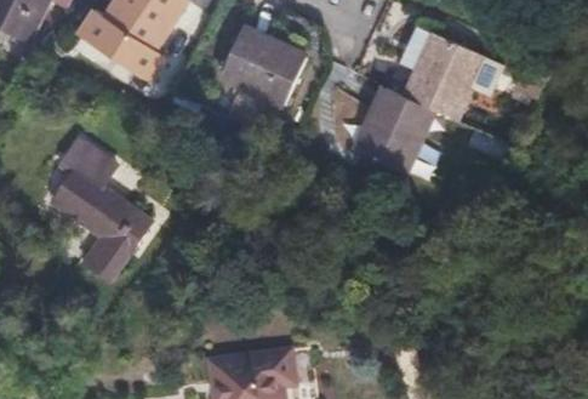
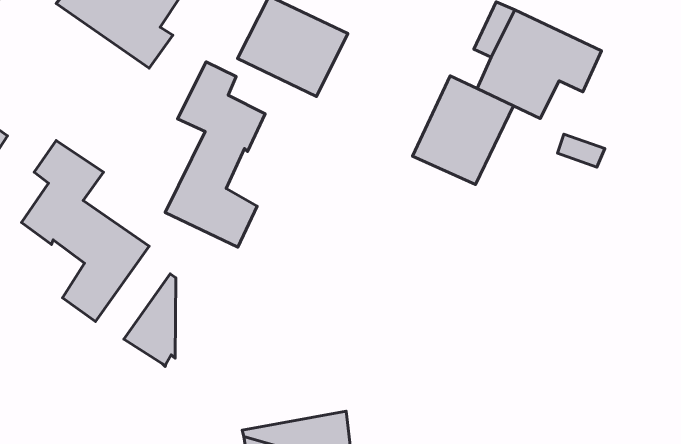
building: none -> [165,62,265,247]
building: none -> [124,274,176,366]

